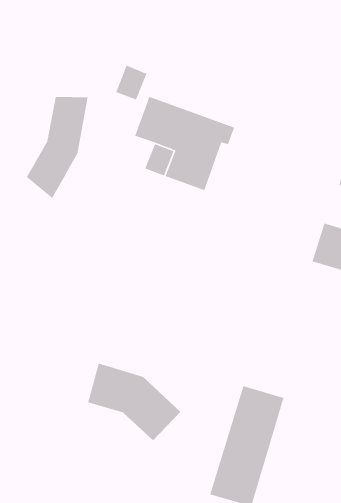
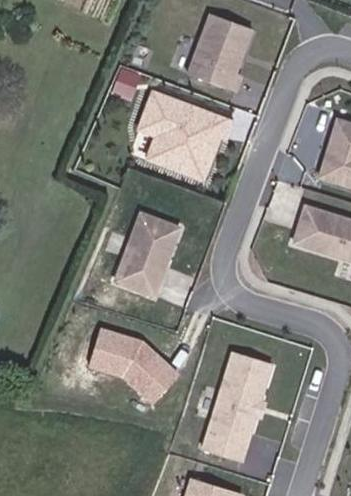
building: none -> [185,13,249,91]
building: [26,96,89,199] -> none
building: none -> [117,215,178,296]

